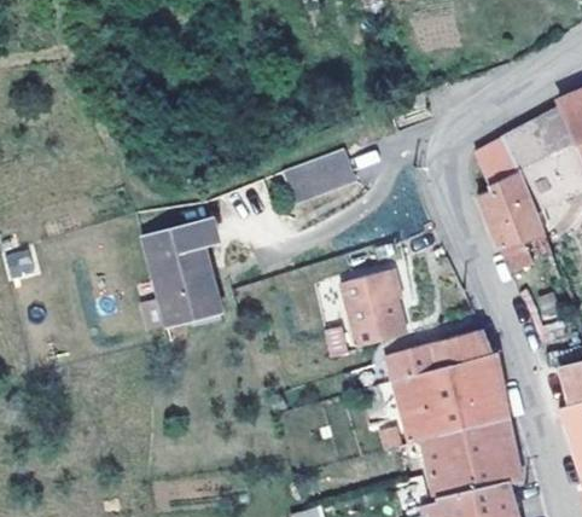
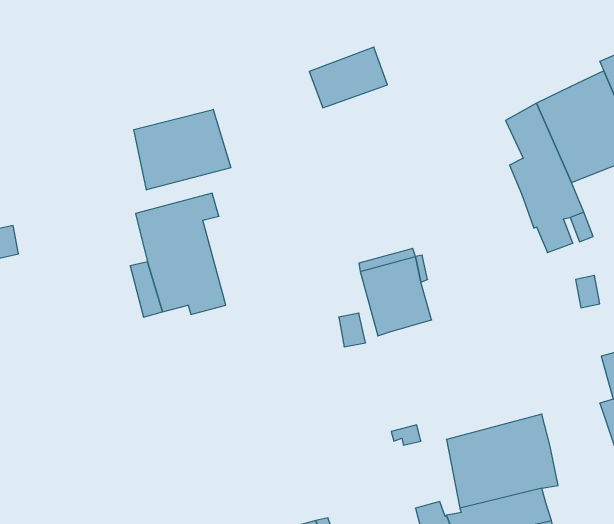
building: none -> [134,109,231,190]
building: [284,149,354,203] -> [309,47,387,108]
building: [389,330,507,442] -> none

